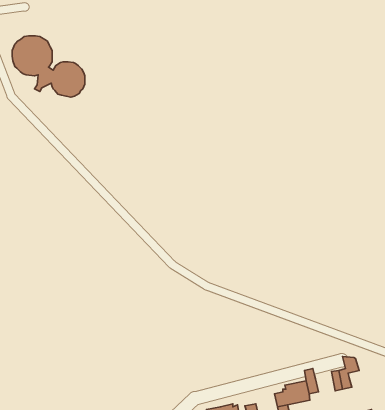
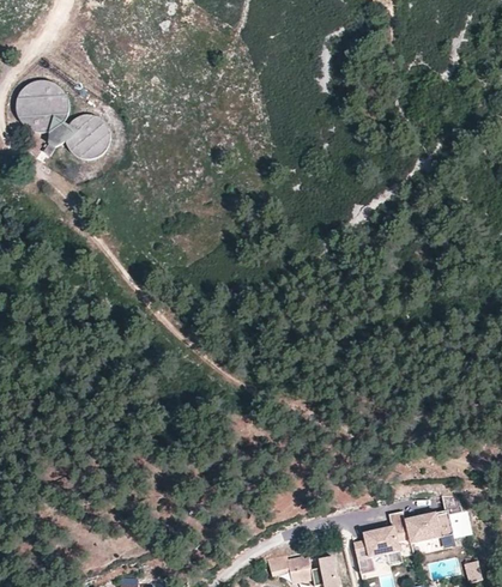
building: none -> [407,513,433,543]

